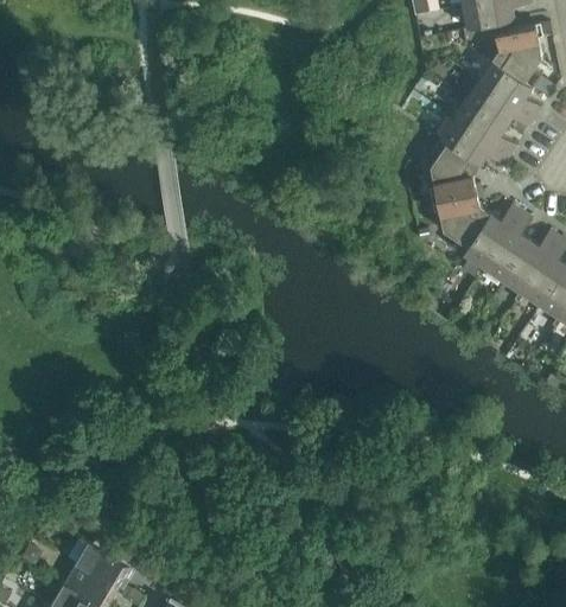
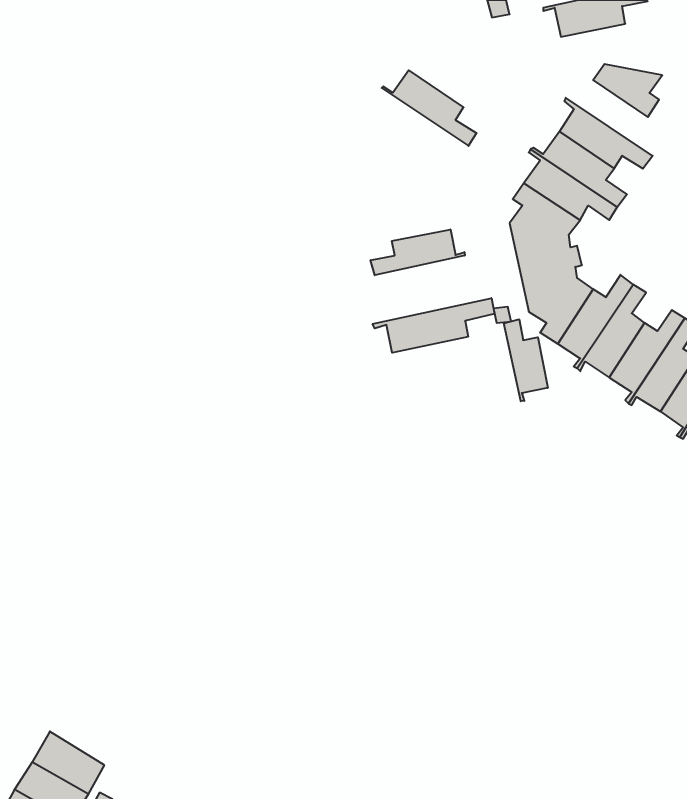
building: [491,25,542,58] -> none
building: [471,62,541,117] -> [382,70,477,146]
building: none -> [371,229,465,275]
building: none -> [373,298,494,353]
building: none -> [504,319,548,401]

